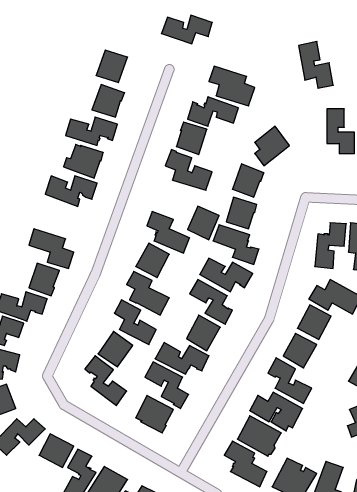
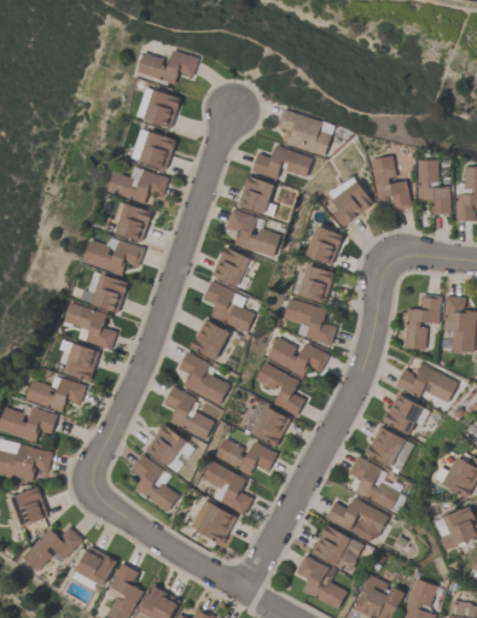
building: [161,15,212,44] -> [138,49,198,83]
building: [299,41,333,88] -> [371,154,412,210]
building: none -> [91,273,129,311]
building: [188,206,219,240] -> [213,246,250,286]

